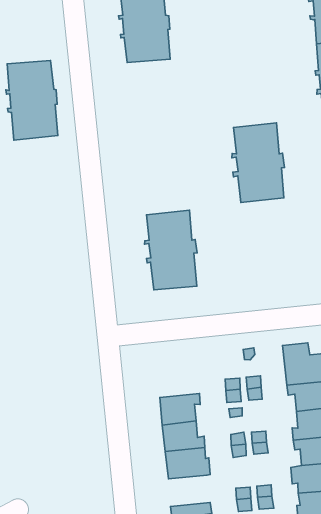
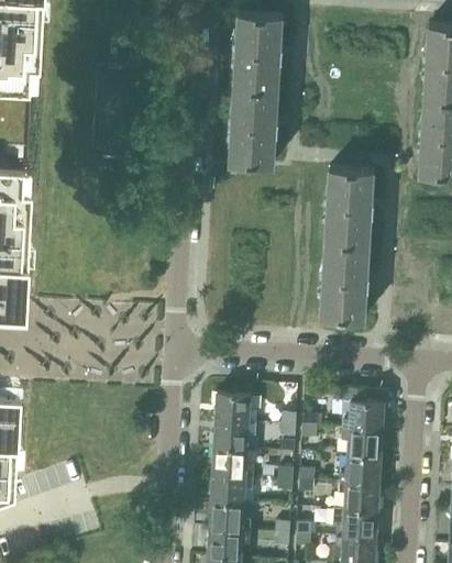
building: [6,61,58,140] -> [230,88,280,166]
building: [144,210,197,290] -> [320,243,371,321]
building: none -> [217,395,257,424]
building: none -> [210,504,251,533]

